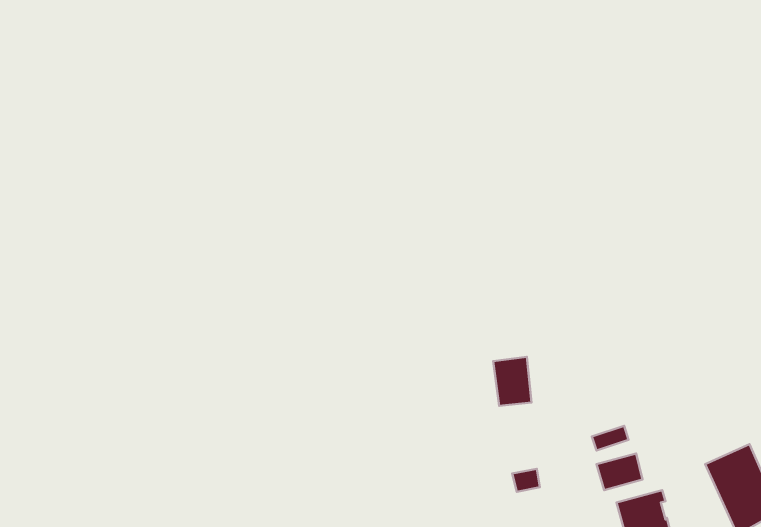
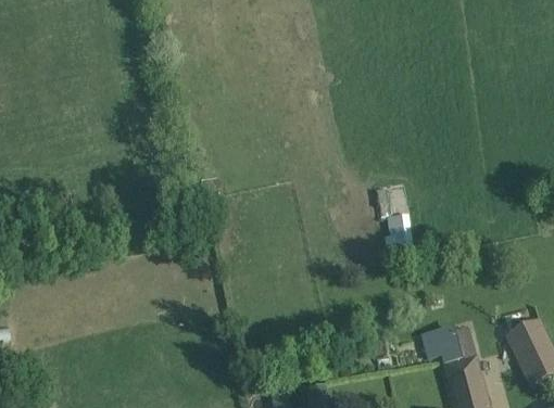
building: [493,357,531,406] -> [385,213,412,247]

